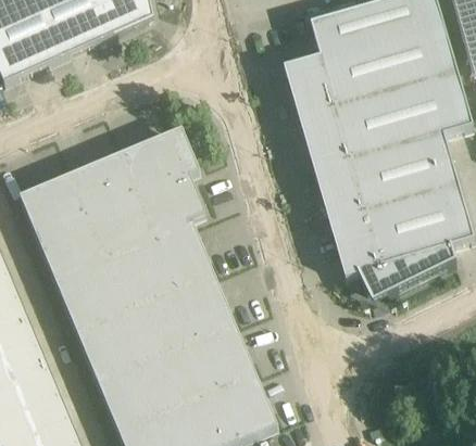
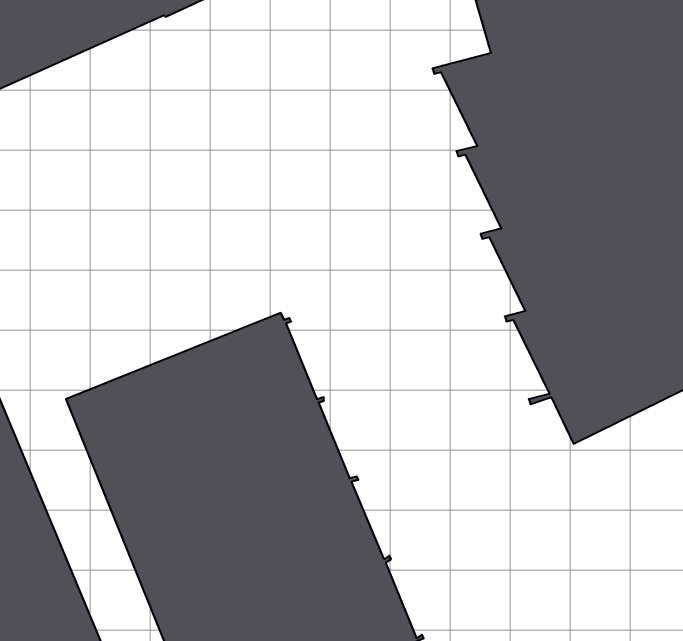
building: [20,137,205,272] -> none

